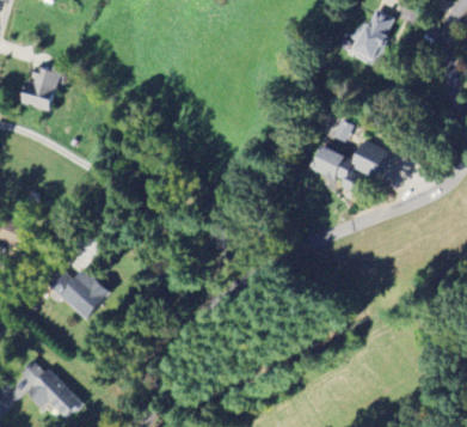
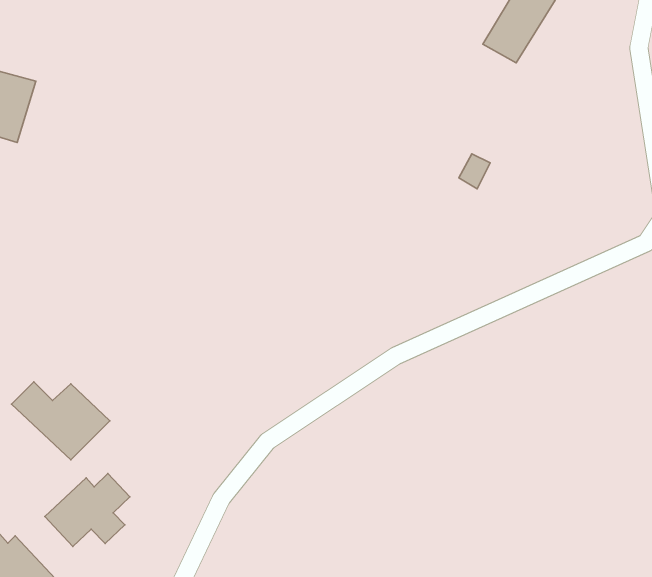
building: [309,140,386,179] -> none
building: none -> [45,474,130,546]

